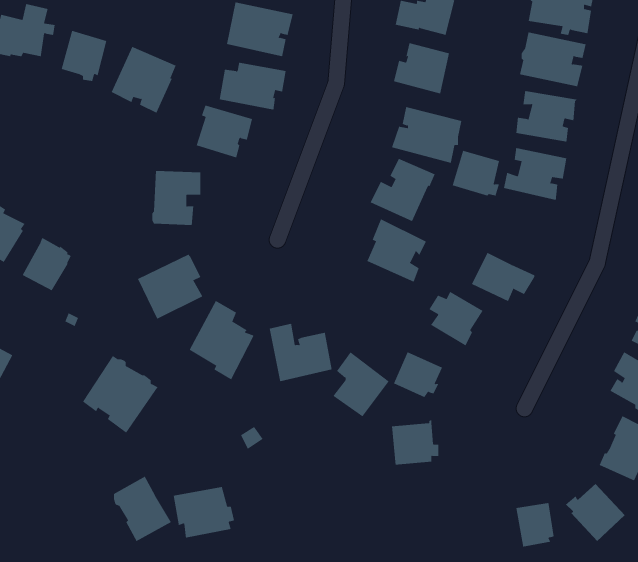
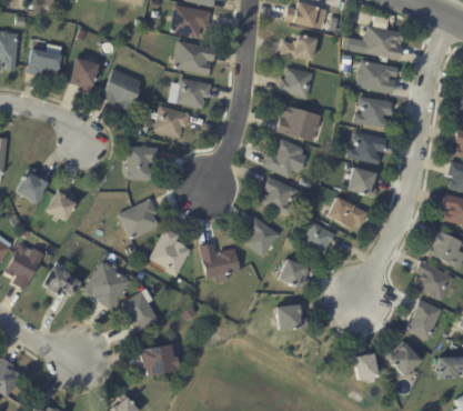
building: [452,150,500,196] -> [346,167,376,196]
building: [333,351,389,417] -> [243,214,279,255]
building: none -> [41,261,81,298]
building: [113,476,172,542] -> [122,290,159,331]

